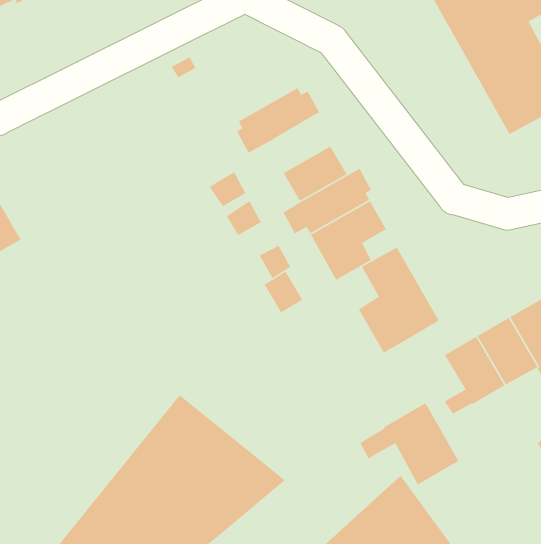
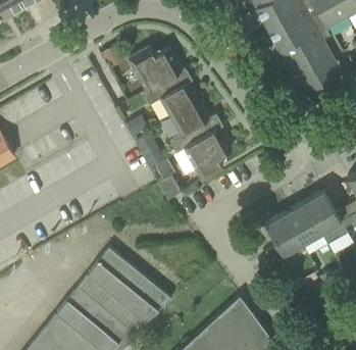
building: none -> [129,47,180,86]
building: none -> [161,83,199,116]
building: [358,246,440,354] -> none
building: [359,402,459,485] -> none

